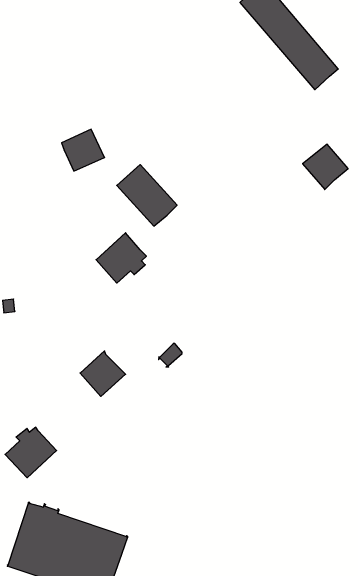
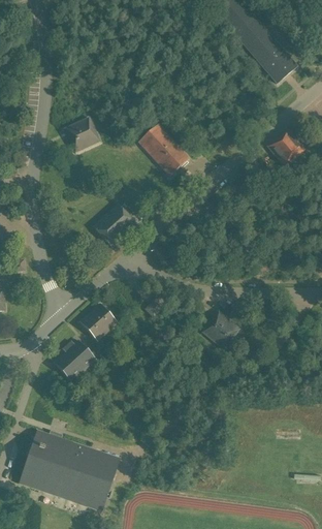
building: [117,165,177,226] -> [138,123,189,175]
building: none -> [201,310,239,348]
building: [5,427,57,478] -> [53,339,96,381]

